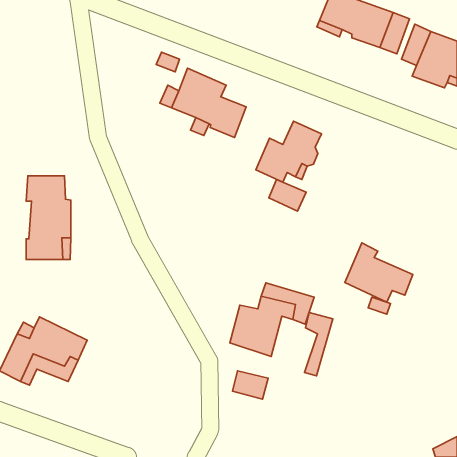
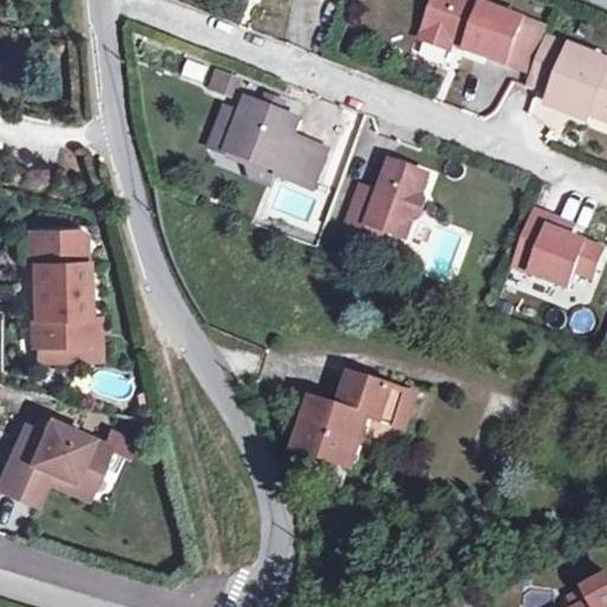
building: [269,180,306,211] -> none
building: [345,243,413,302] -> [507,206,598,285]
building: [305,313,333,376] -> none
building: [232,371,268,399] -> none

